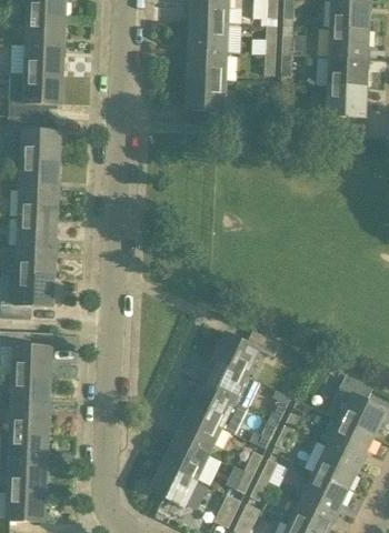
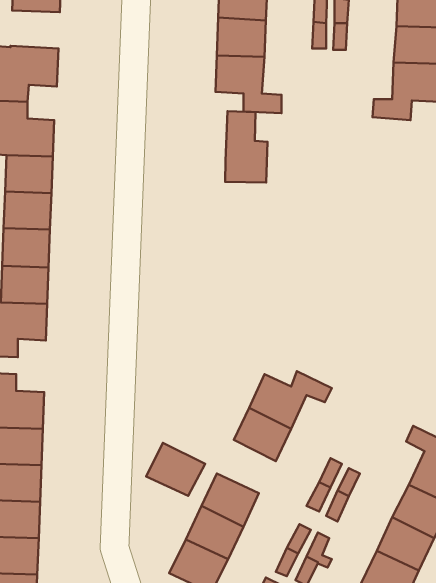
building: [24,44,63,74] -> none
building: none -> [225,111,268,183]
building: [188,384,235,426] -> [146,443,205,496]

